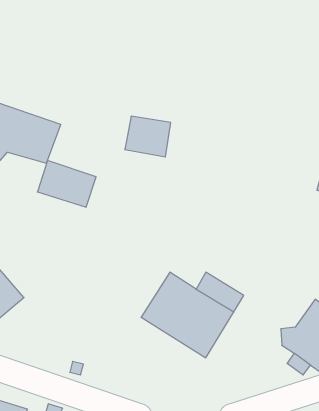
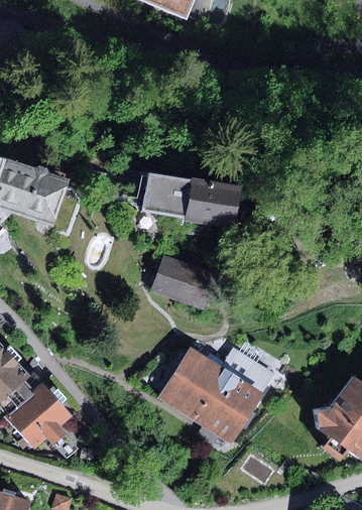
building: none -> [185,177,241,228]
building: [37,160,96,207] -> [151,255,217,307]
building: none -> [7,384,73,448]

